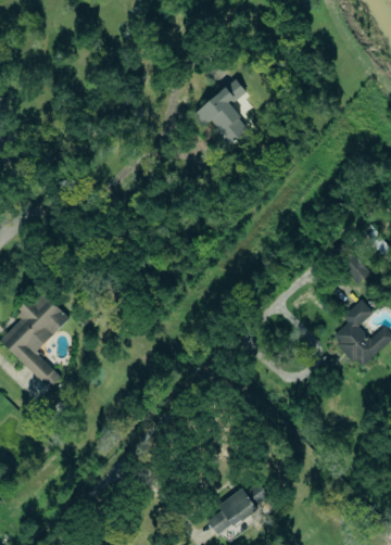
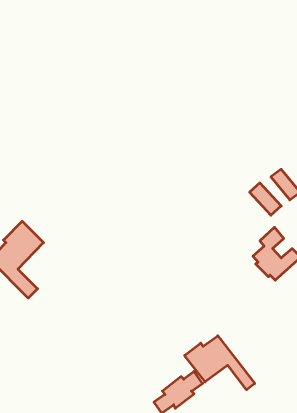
building: [193,78,251,145] -> none
building: none -> [185,336,255,390]

